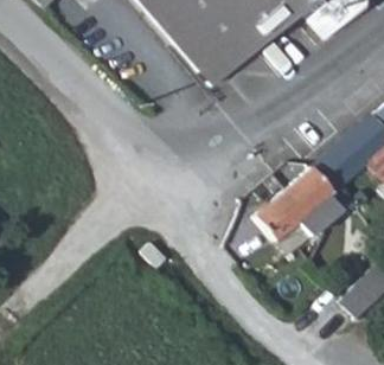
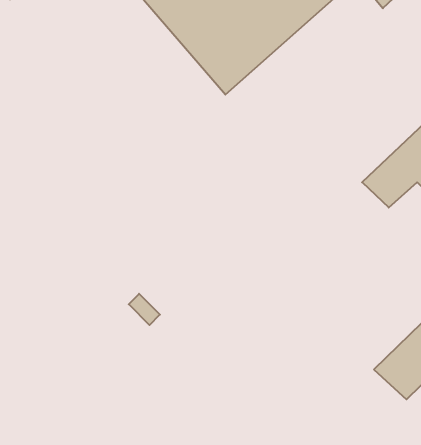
building: [250,155,344,243] -> none

